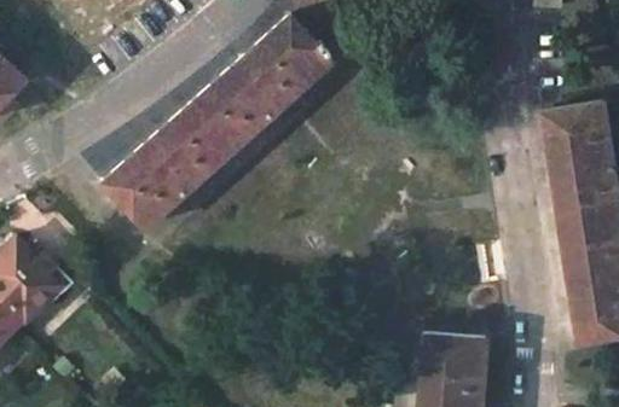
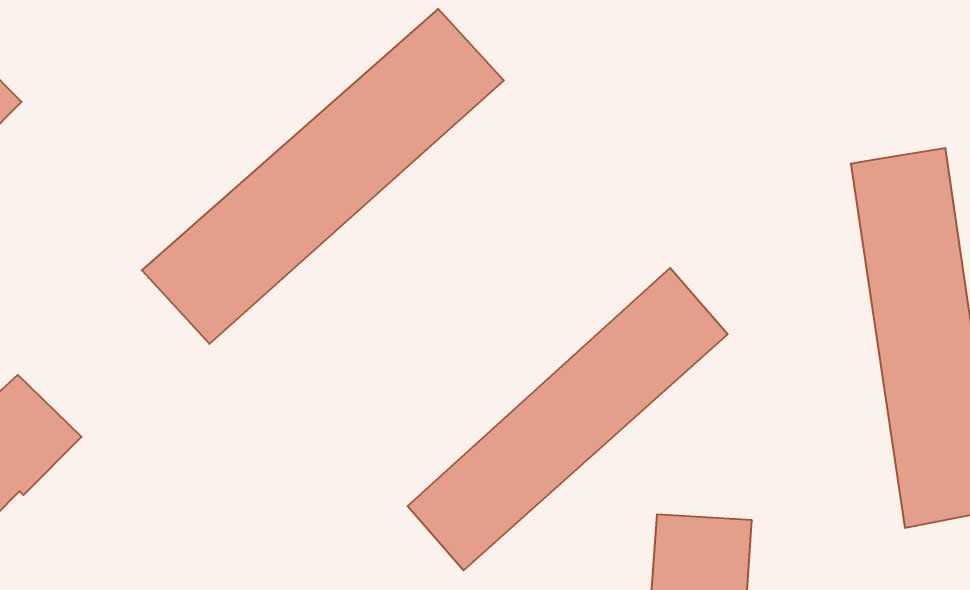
building: none -> [408,268,728,570]

